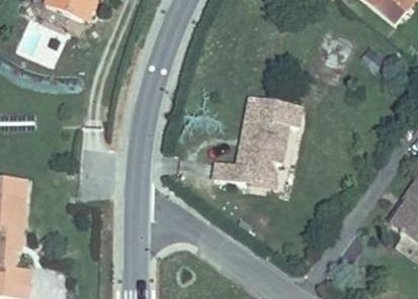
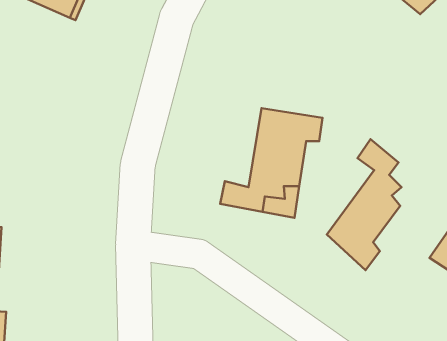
building: none -> [327,139,402,270]

